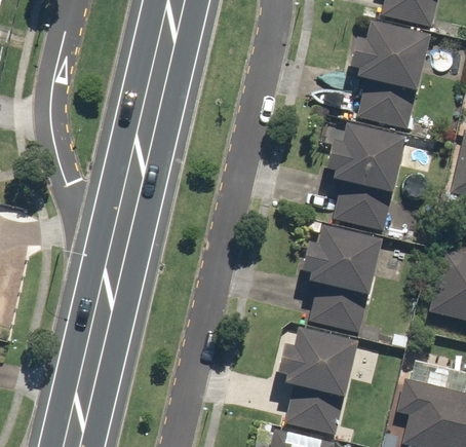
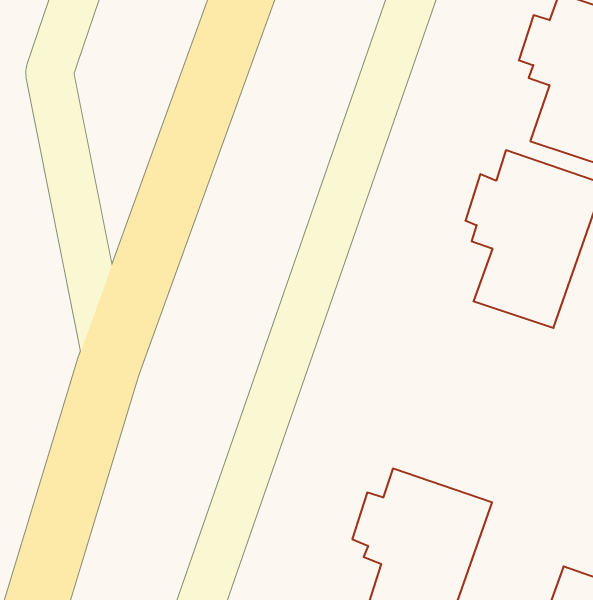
building: [297,226,381,332] -> none

